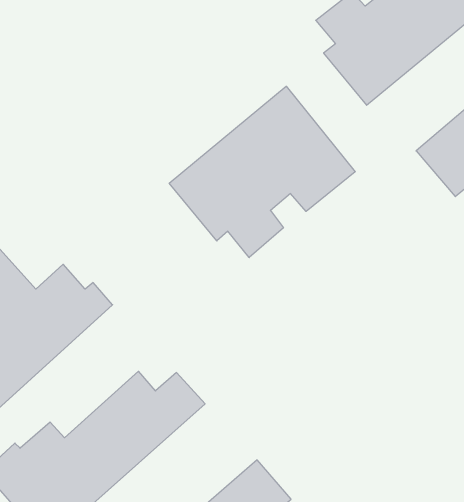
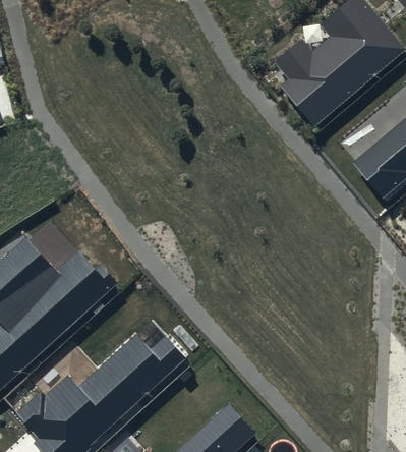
building: [169,86,355,258] -> none

